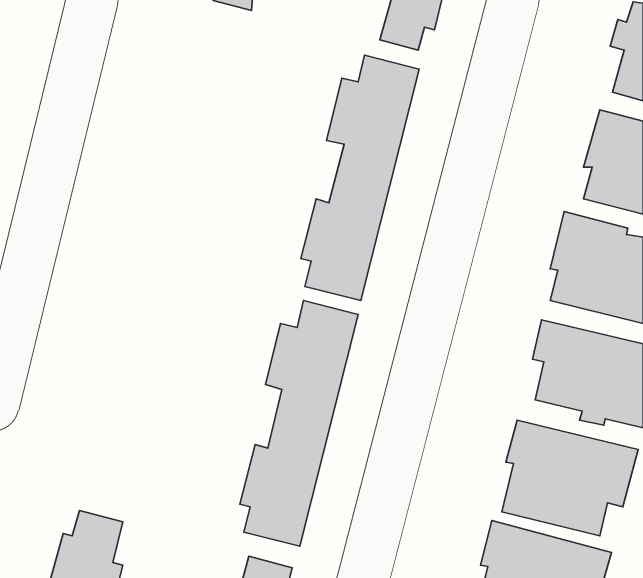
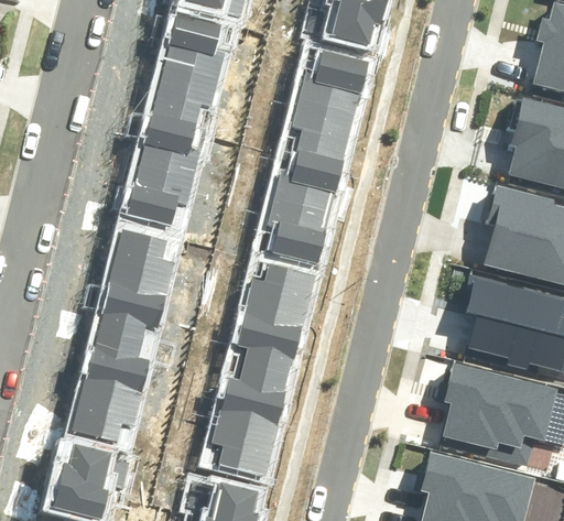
building: none -> [124,8,228,224]
building: none -> [68,226,173,441]

